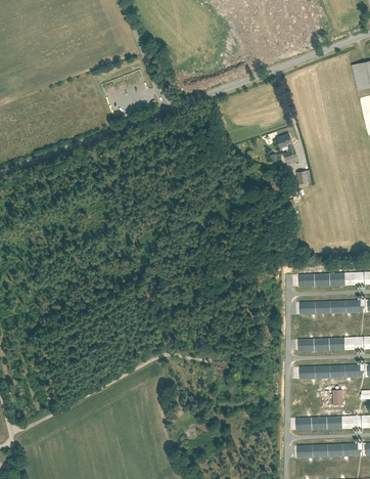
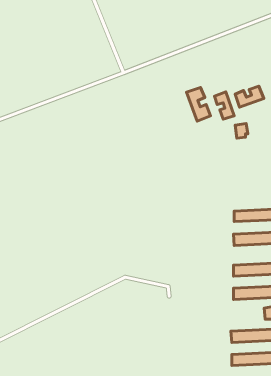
building: none -> [235,86,264,107]
building: none -> [187,87,210,121]

